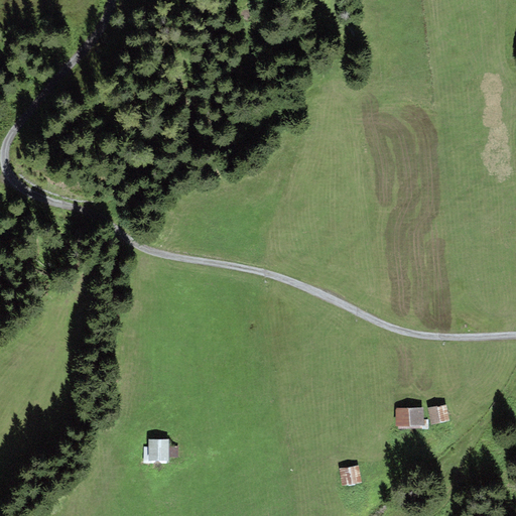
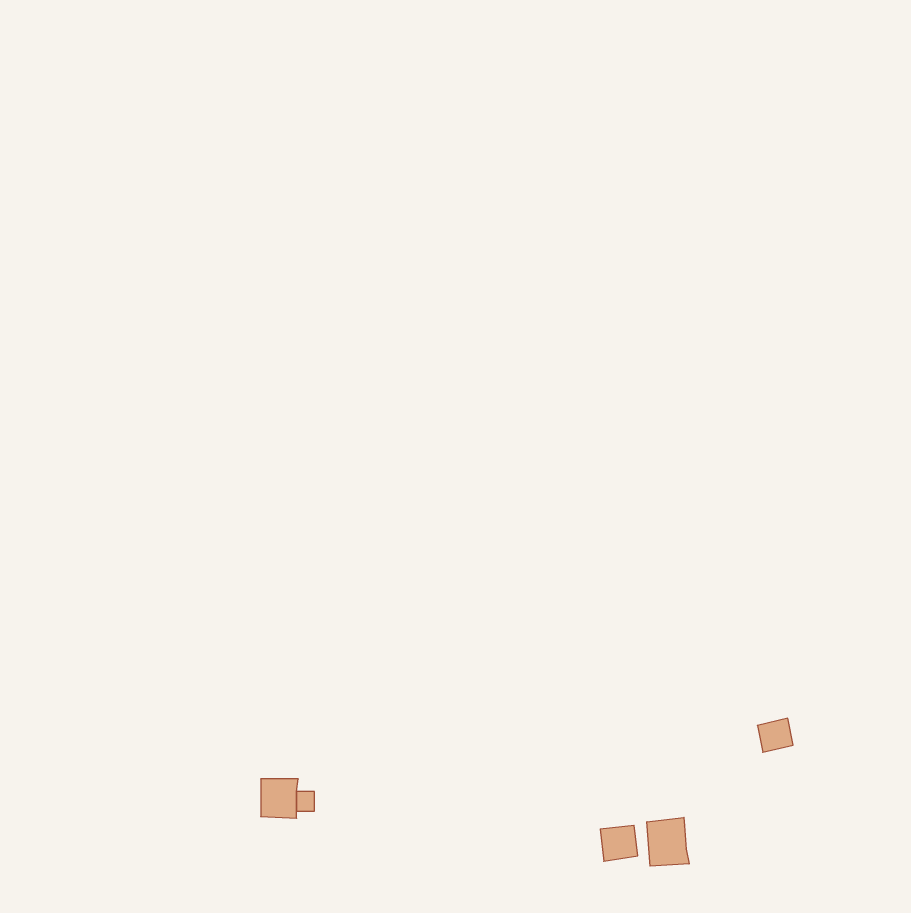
building: [395,407,423,426] -> none
building: none -> [647,817,689,866]

